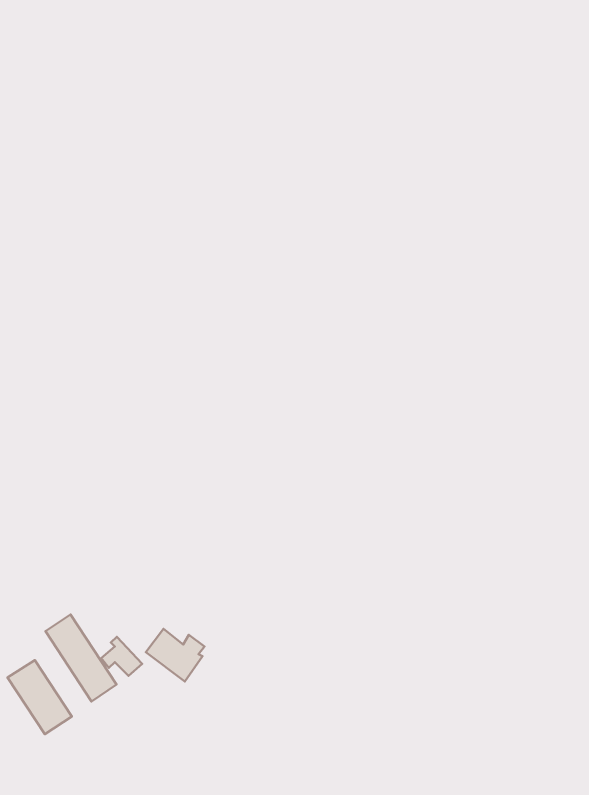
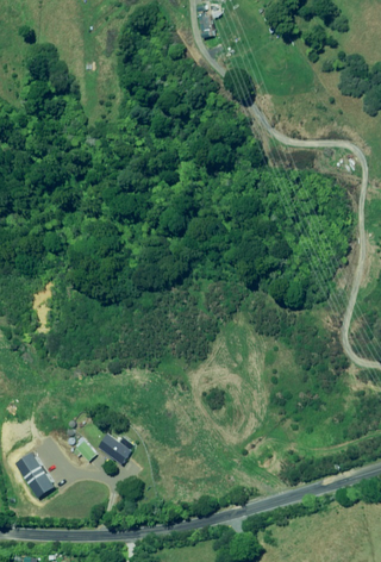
building: [45,614,117,702] -> none

